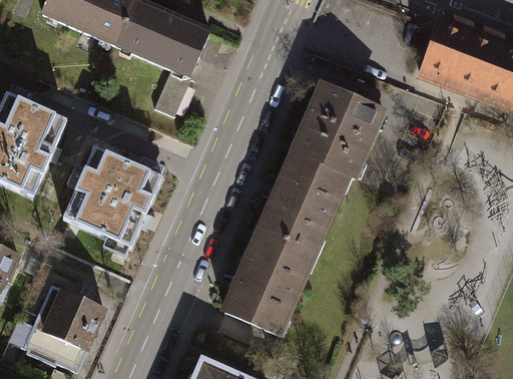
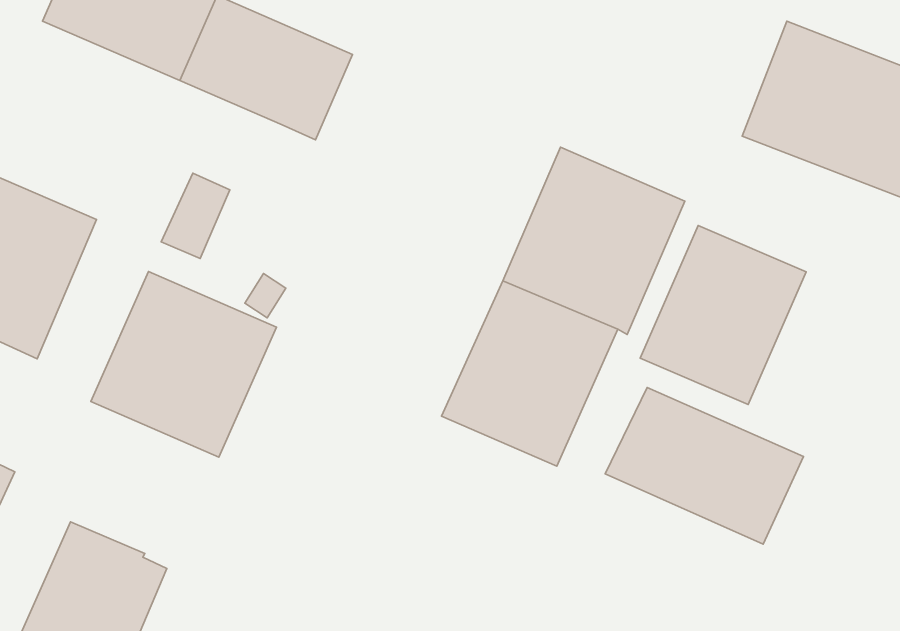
building: [151,69,188,115] -> [161,173,230,259]
building: none -> [640,225,806,404]
building: none -> [605,387,804,544]
building: [219,227,317,335] -> none

